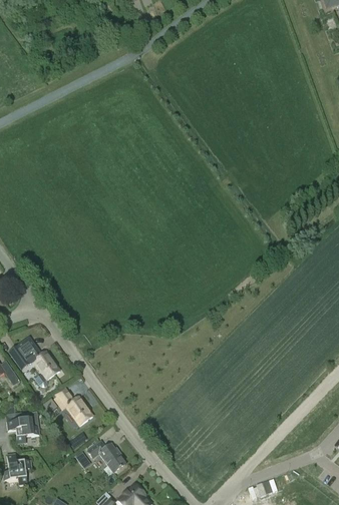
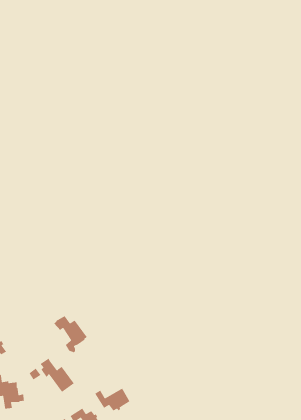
building: [23,346,60,387] -> [54,315,88,353]
building: none -> [94,388,131,412]

